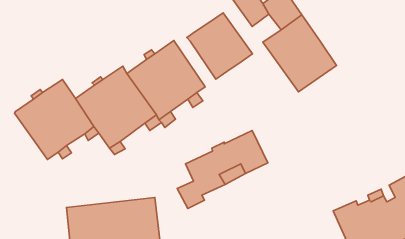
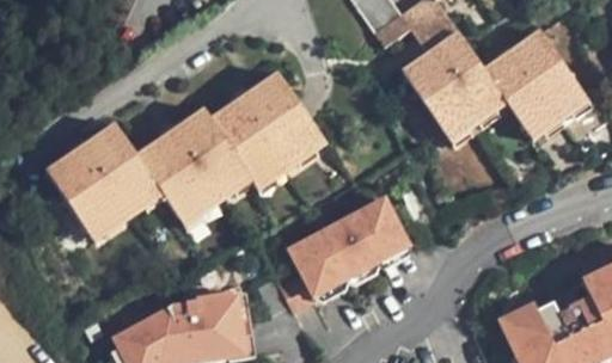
building: [187,13,252,79] -> none
building: none -> [488,32,592,141]

